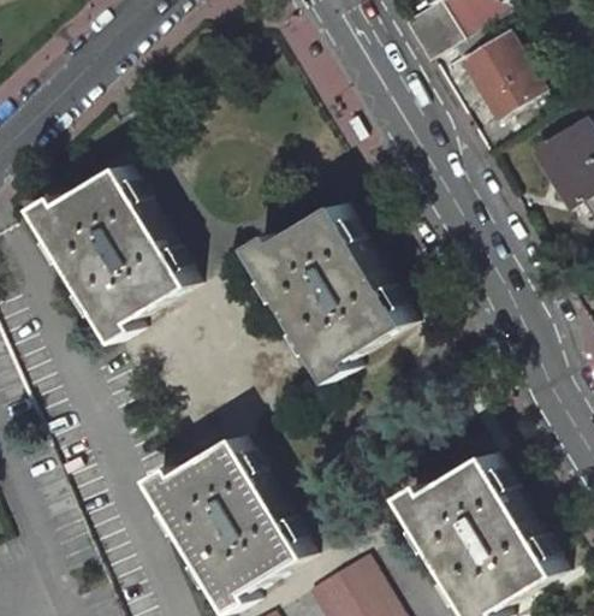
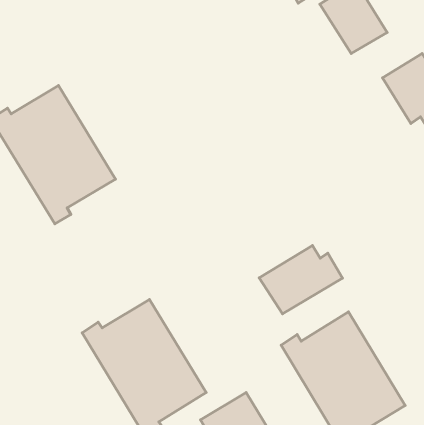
building: [246,203,404,380] -> none
building: none -> [259,245,343,314]

